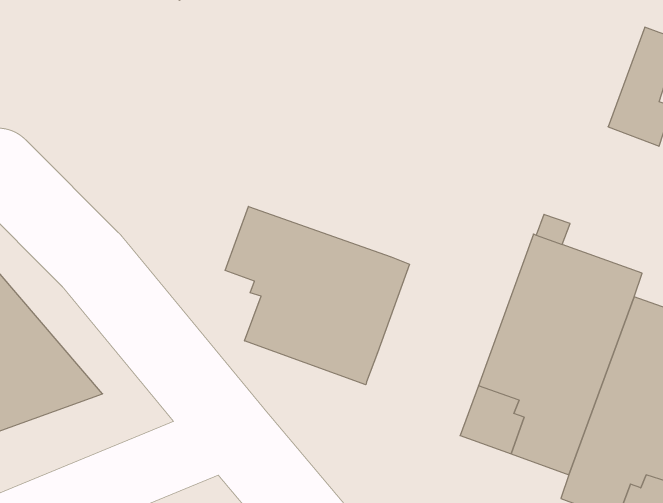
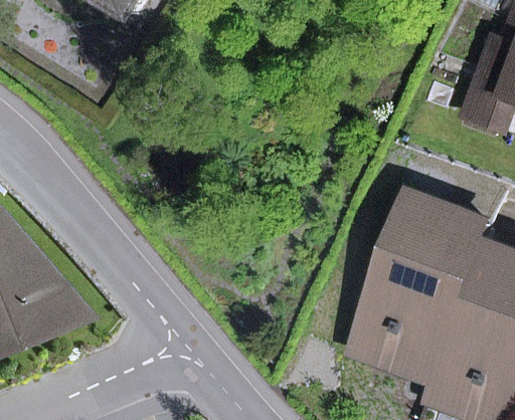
building: [225,206,409,385] -> none

